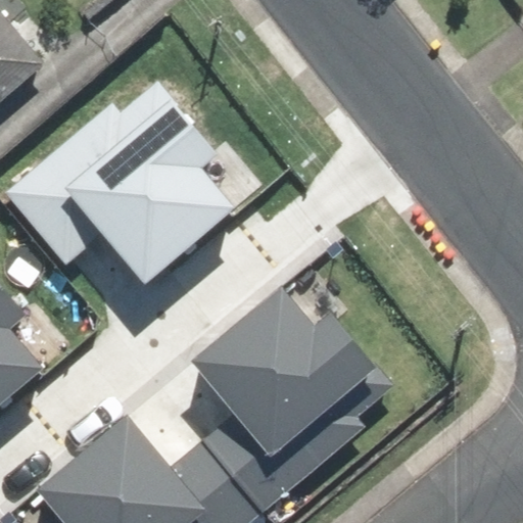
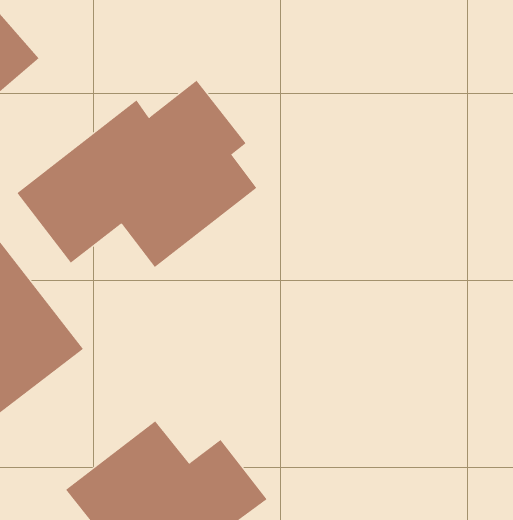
building: [198,277,414,459] -> none

